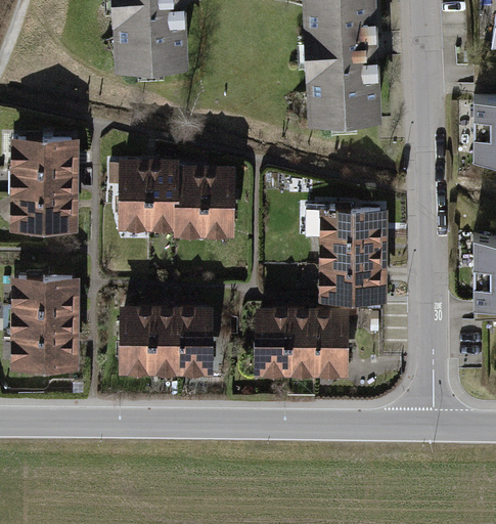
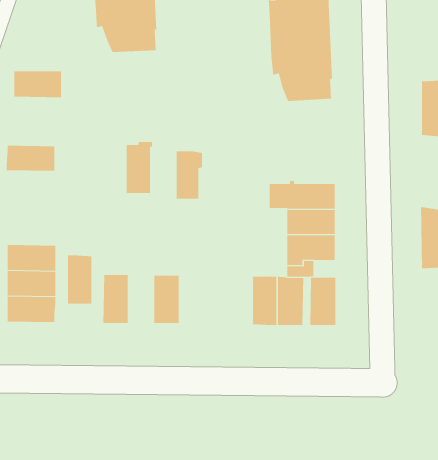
building: [18,141,72,171] -> [13,71,62,98]
building: [123,165,149,223] -> none
building: [175,172,205,229] -> none
building: [17,198,72,227] -> none
building: [152,312,180,366] -> [67,255,92,304]
building: [259,314,288,367] -> [309,277,336,325]

